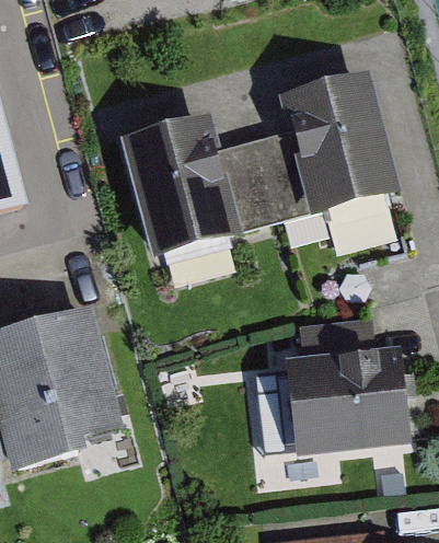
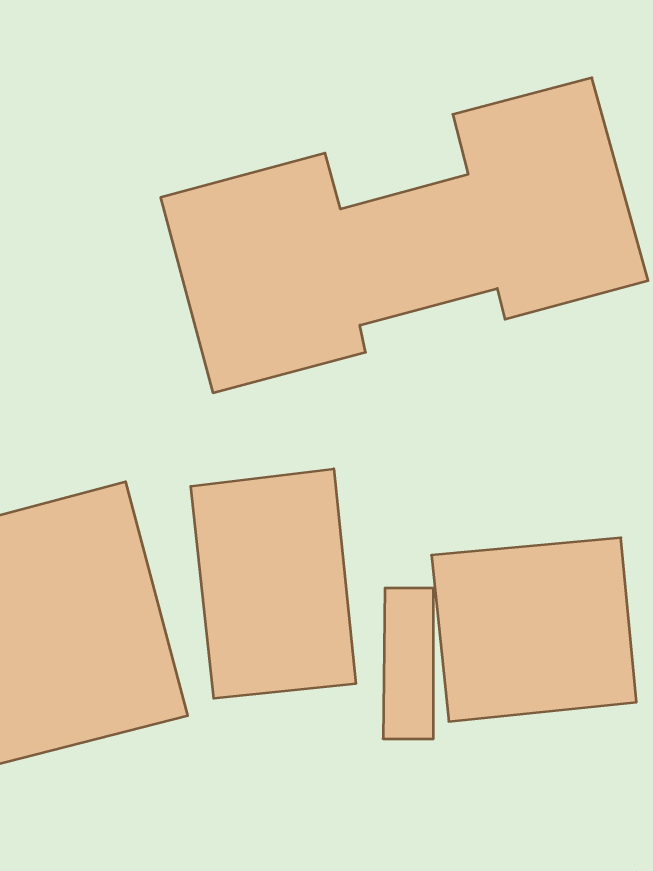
building: none -> [191,469,356,698]

